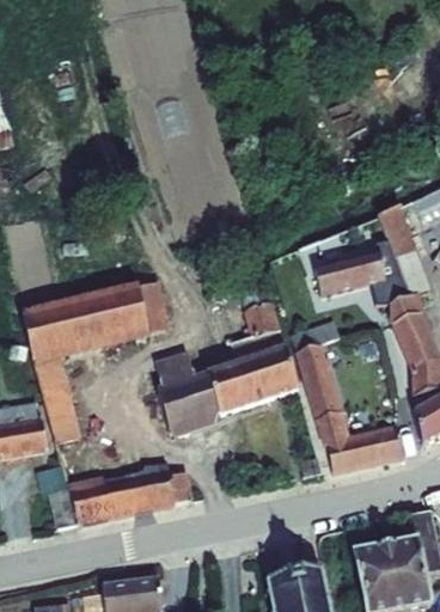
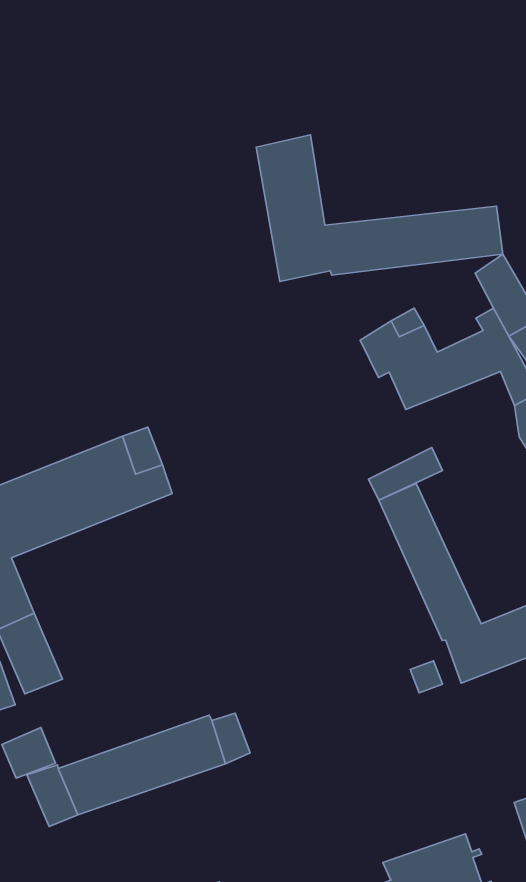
building: none -> [256,135,503,281]
building: [155,283,298,434] -> none

